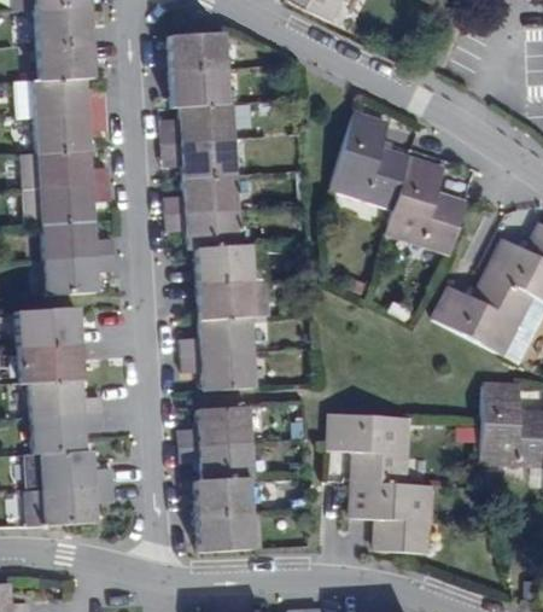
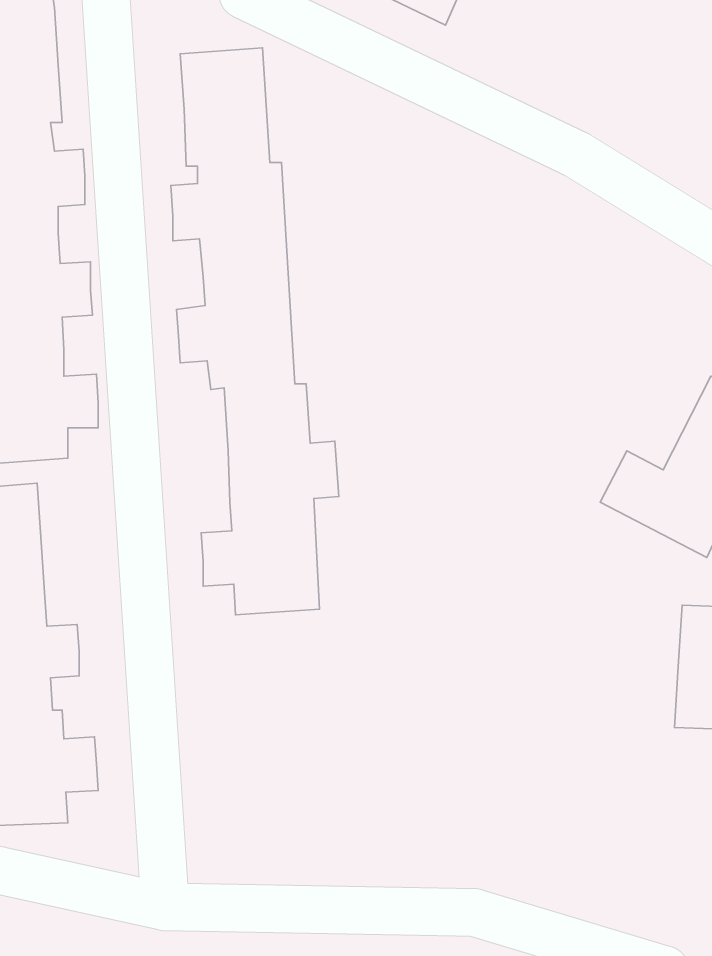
building: [329,112,466,252] -> none
building: [179,404,252,552] -> none
building: [328,413,430,553] -> none

